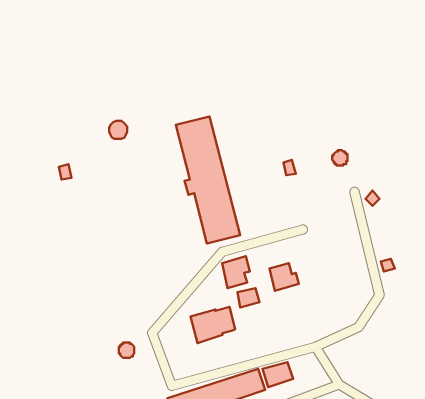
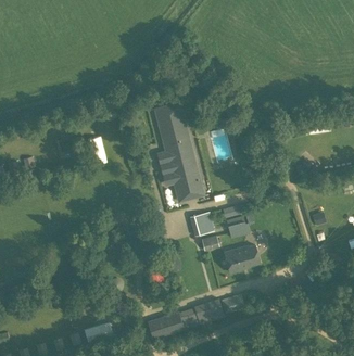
building: [191,307,235,343] -> [225,244,260,272]

